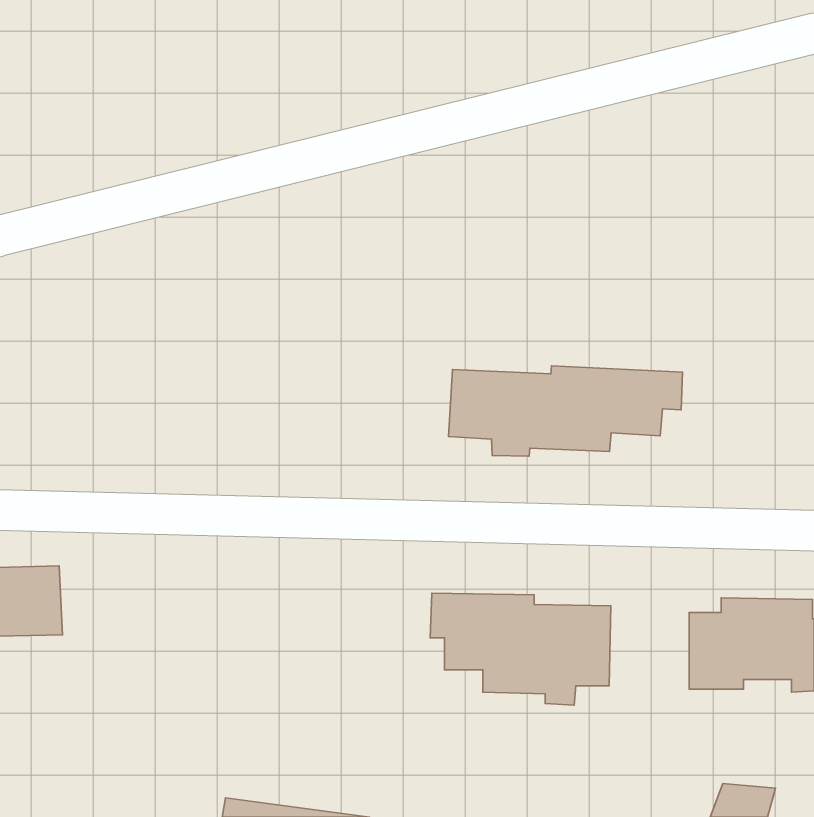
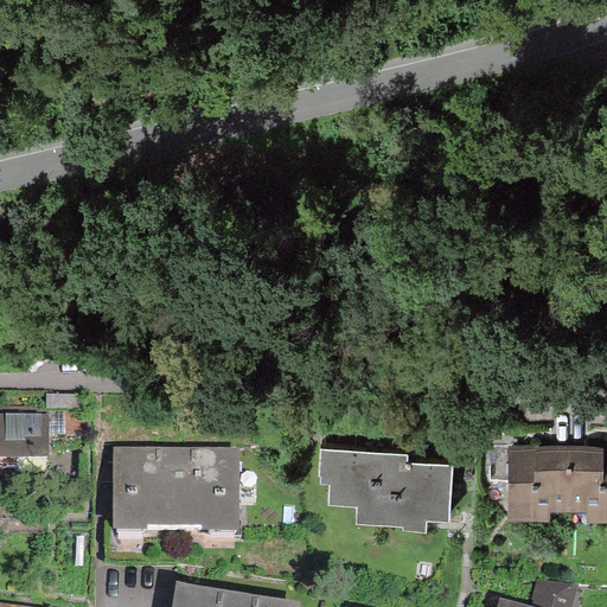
building: [449,366,682,456] -> none
building: none -> [111,452,241,543]

